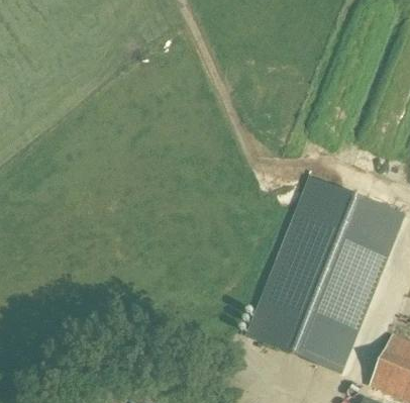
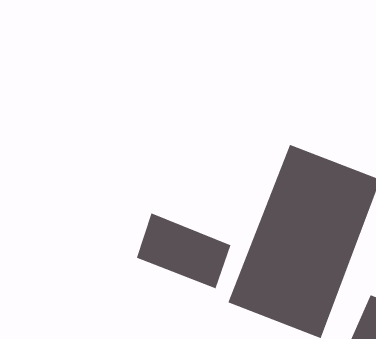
building: none -> [136,213,231,289]

